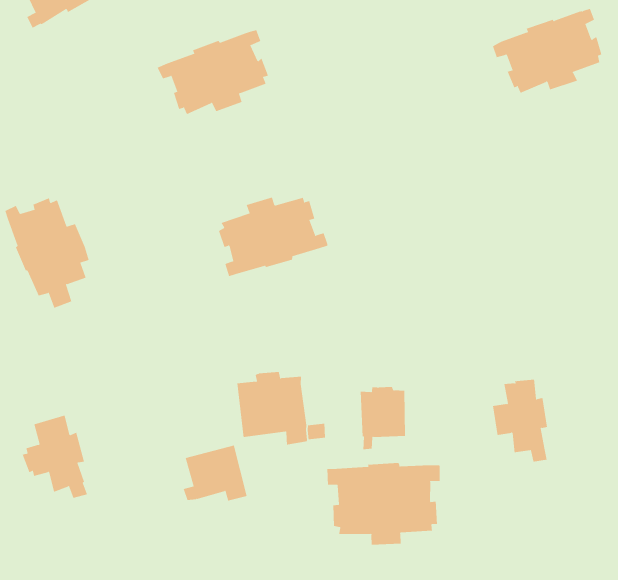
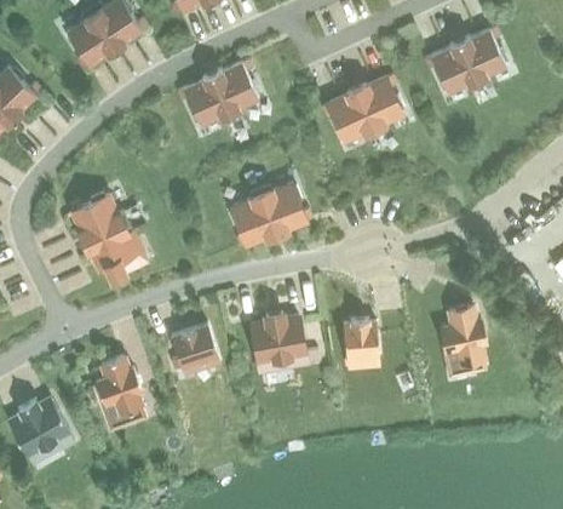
building: none -> [322,76,404,143]
building: [183,445,247,501] -> [171,325,219,368]
building: [327,462,440,545] -> none

